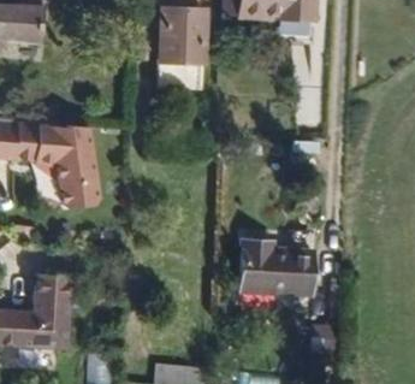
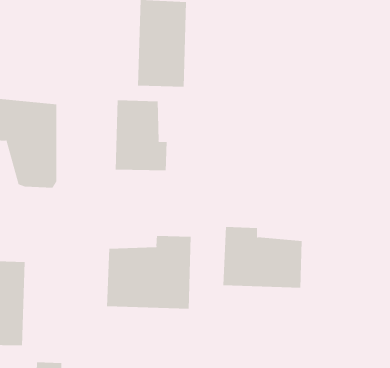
building: none -> [115,99,167,171]
building: none -> [107,235,191,309]

